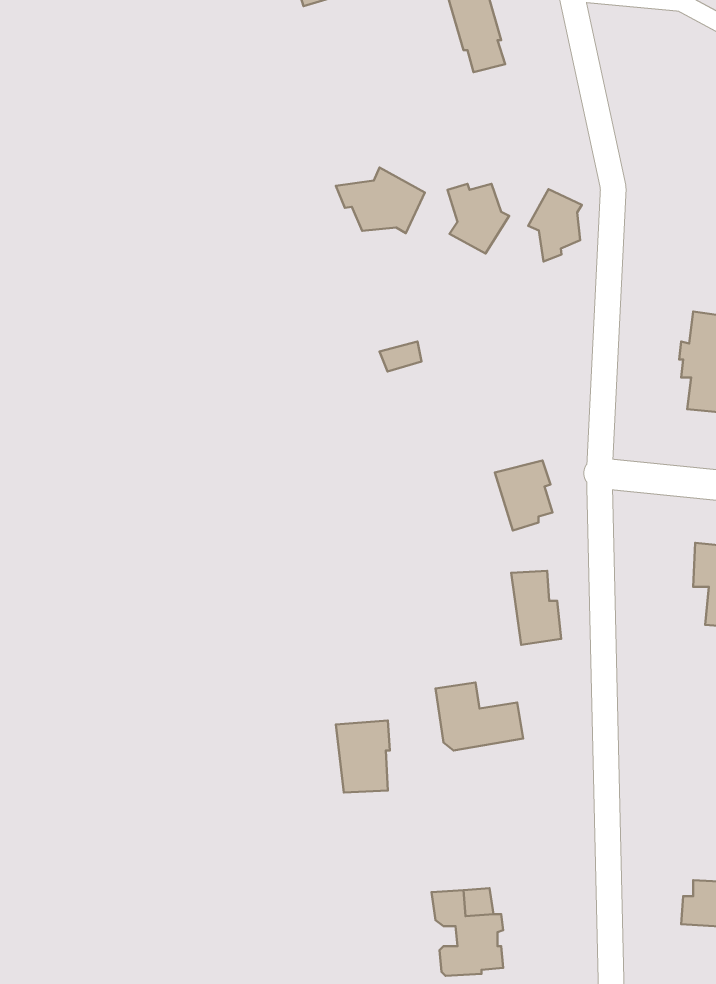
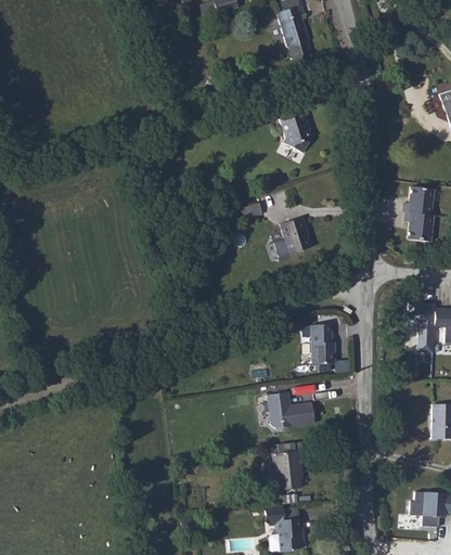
building: [336,167,425,233] -> none
building: [528,189,582,261] -> none
building: [495,461,553,530] -> [280,216,311,254]
building: [336,721,390,792] -> [276,448,306,487]

